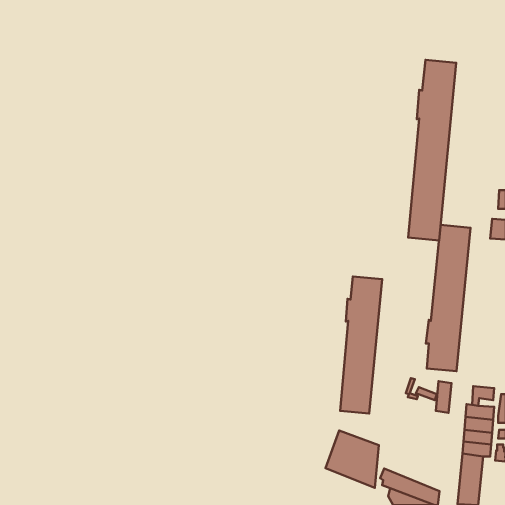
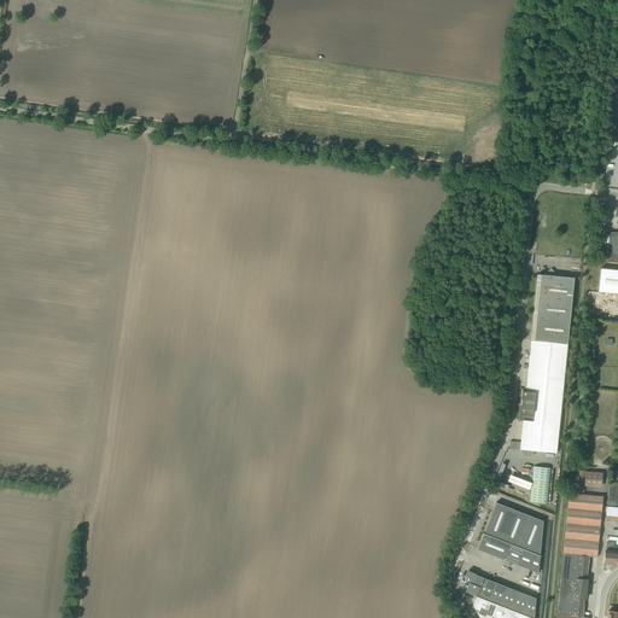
building: [408,60,456,240] -> none
building: [340,276,382,413] -> none
building: [325,430,379,488] -> [479,503,544,573]

